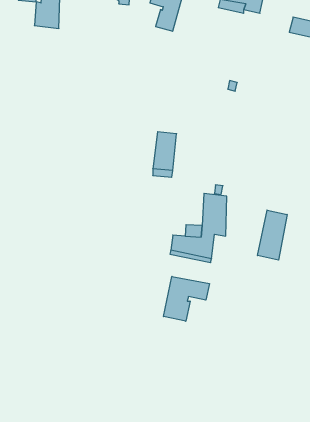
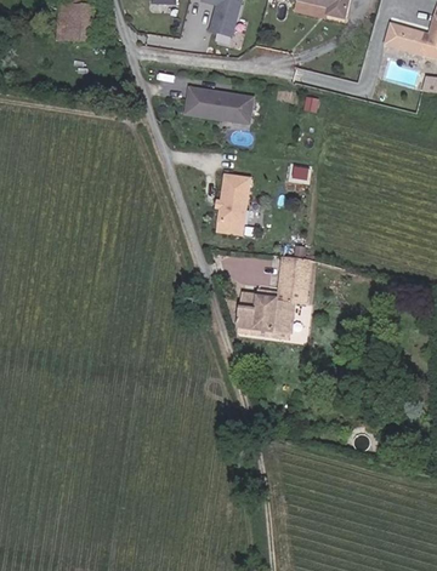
building: none -> [185,87,251,121]
building: [258,210,287,260] -> none
building: [164,276,209,321] -> none

